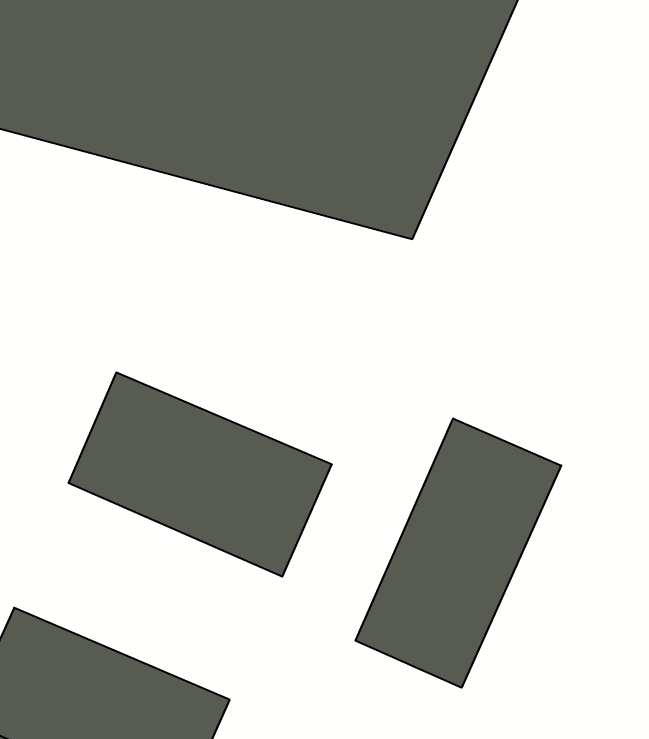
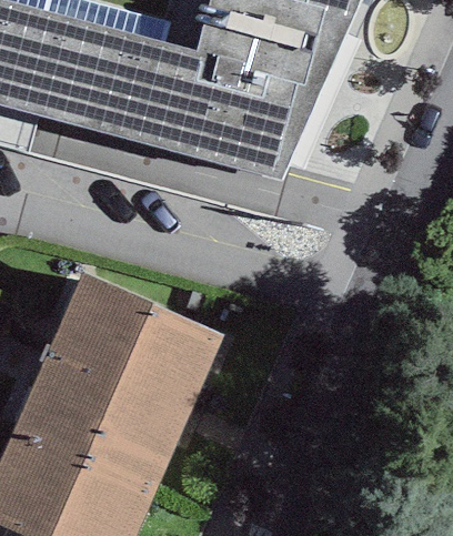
building: [356,418,561,688] -> none
building: none -> [10,346,191,493]

